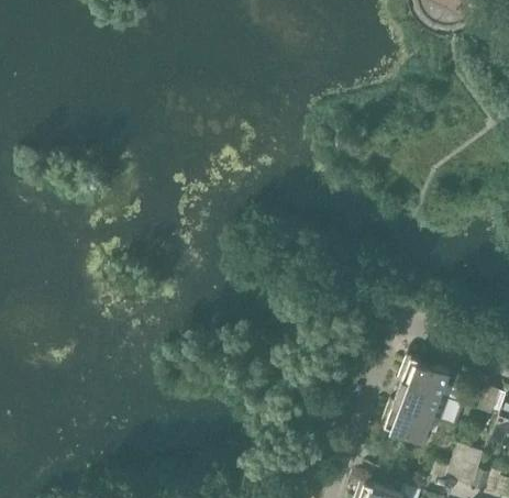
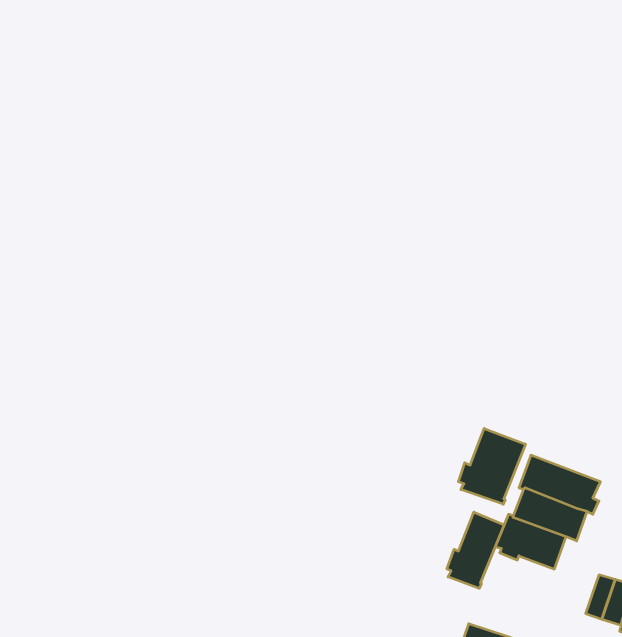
building: none -> [458,428,525,504]
building: none -> [447,512,504,588]

